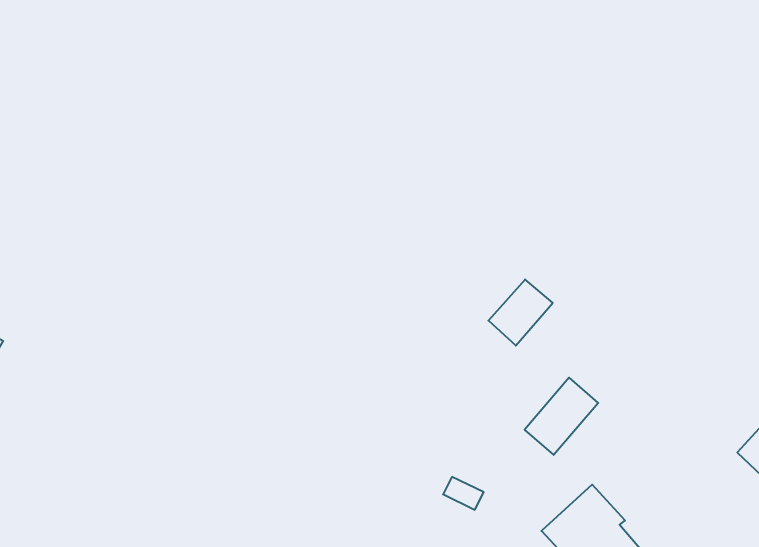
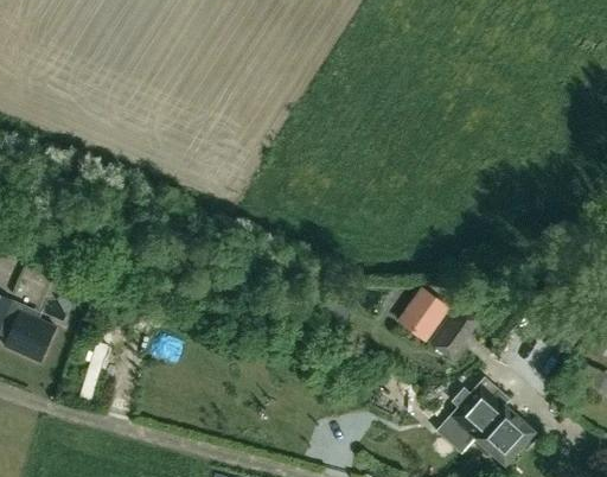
building: [488,279,553,346] -> [401,292,445,339]

